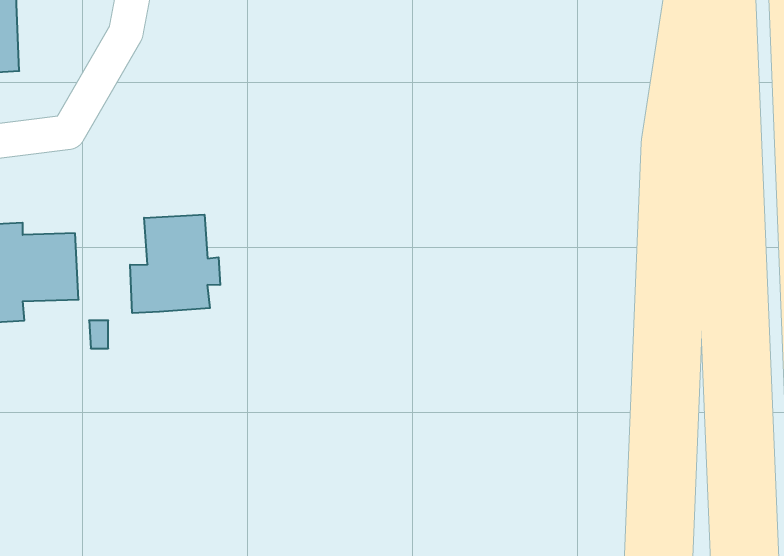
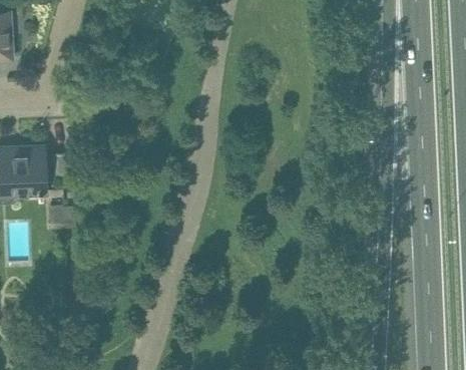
building: [130,215,220,313] -> none

